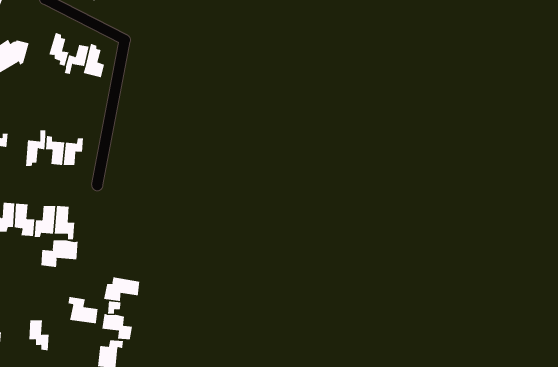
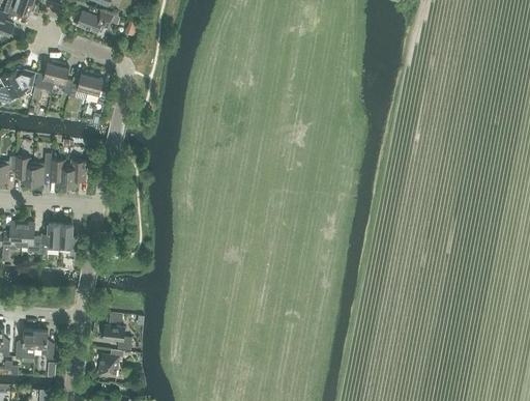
building: none -> [34,61,59,90]
building: none -> [14,156,33,188]
building: [41,239,78,268] -> none
building: [103,276,140,302] -> none
building: [68,296,98,324] -> none
building: none -> [14,330,35,359]

